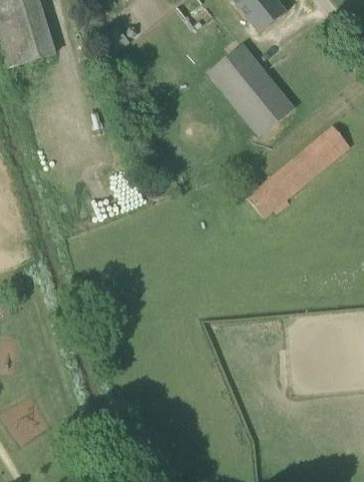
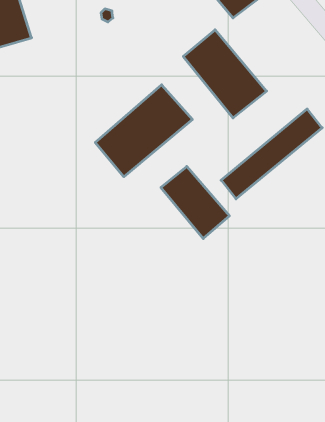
building: none -> [95,85,192,177]
building: none -> [161,166,229,239]

